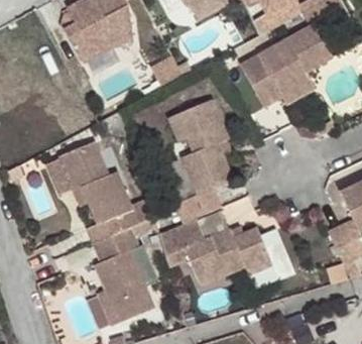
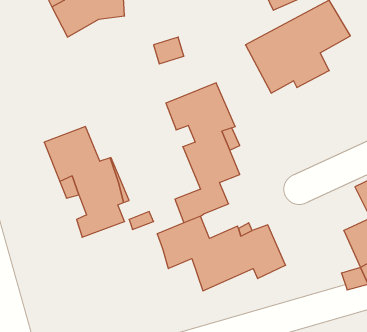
building: [91,224,156,319] -> none

